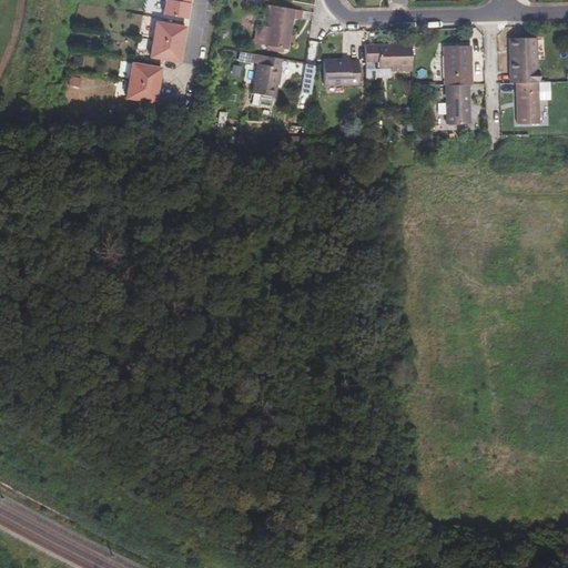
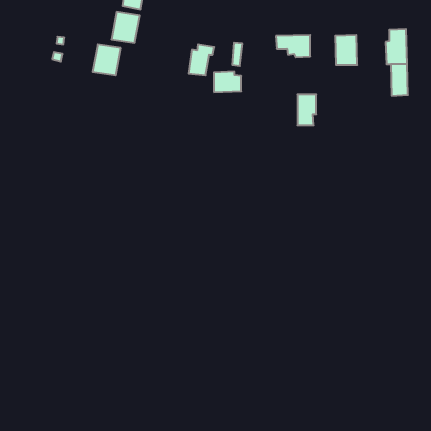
building: [267,7,295,49] -> none
building: [326,58,362,84] -> [214,72,241,92]
building: [444,84,468,124] -> [297,94,316,125]

